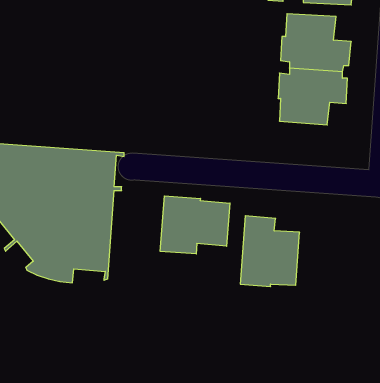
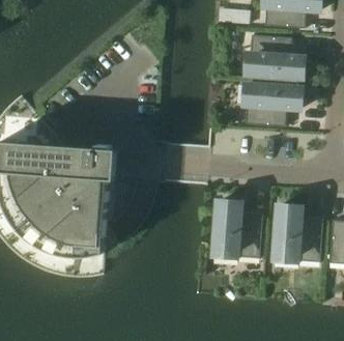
building: [160,196,230,254] -> none
building: none -> [273,204,321,262]

